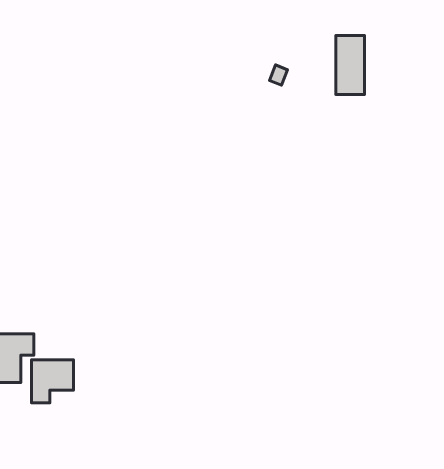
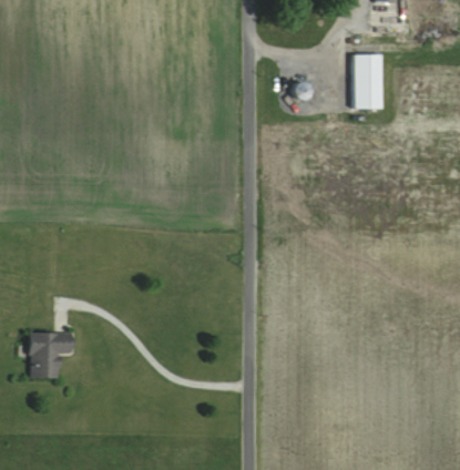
building: [31,360,74,403] -> none

